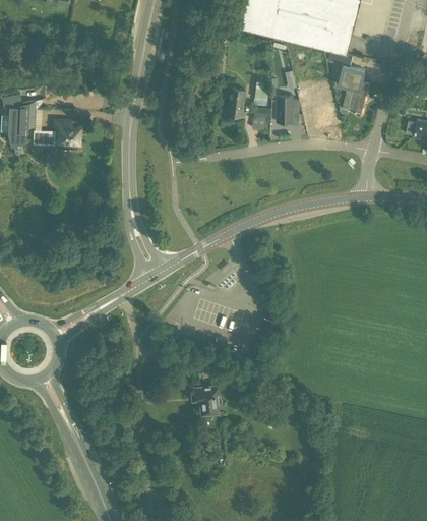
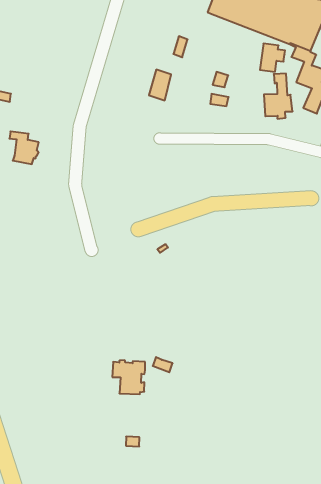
building: [224,86,243,116] -> [149,70,171,100]
building: [274,95,297,121] -> [260,44,285,72]
building: [50,119,80,149] -> [9,131,39,164]

